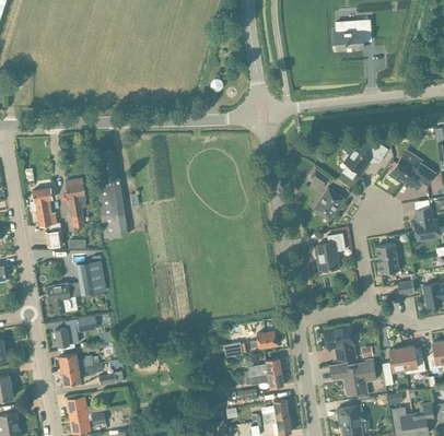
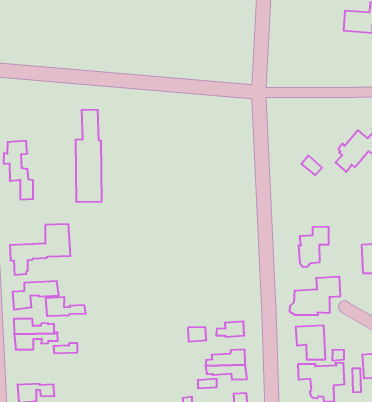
building: [65,179,85,227] -> none
building: [314,188,344,220] -> none
building: none -> [290,276,340,315]
building: [67,398,106,417] -> [46,297,86,316]

